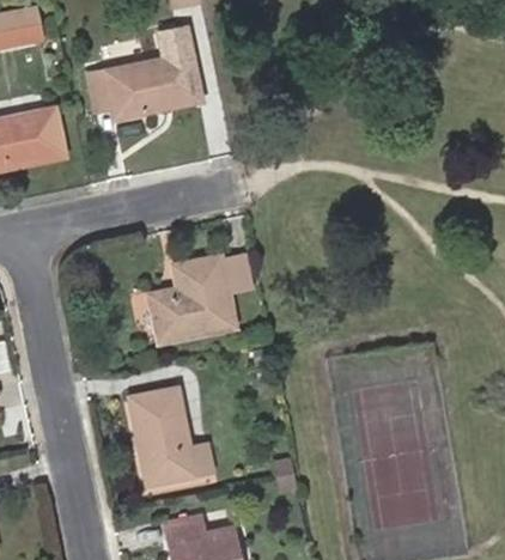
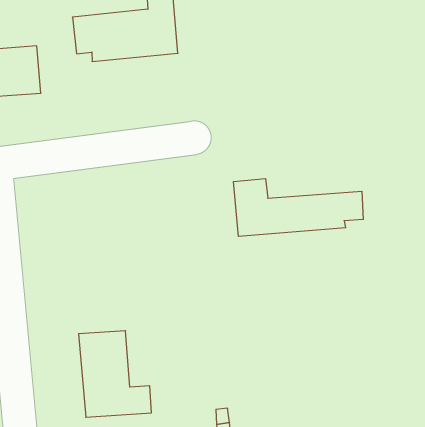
building: none -> [233,179,363,236]
building: [151,256,250,341] -> none

